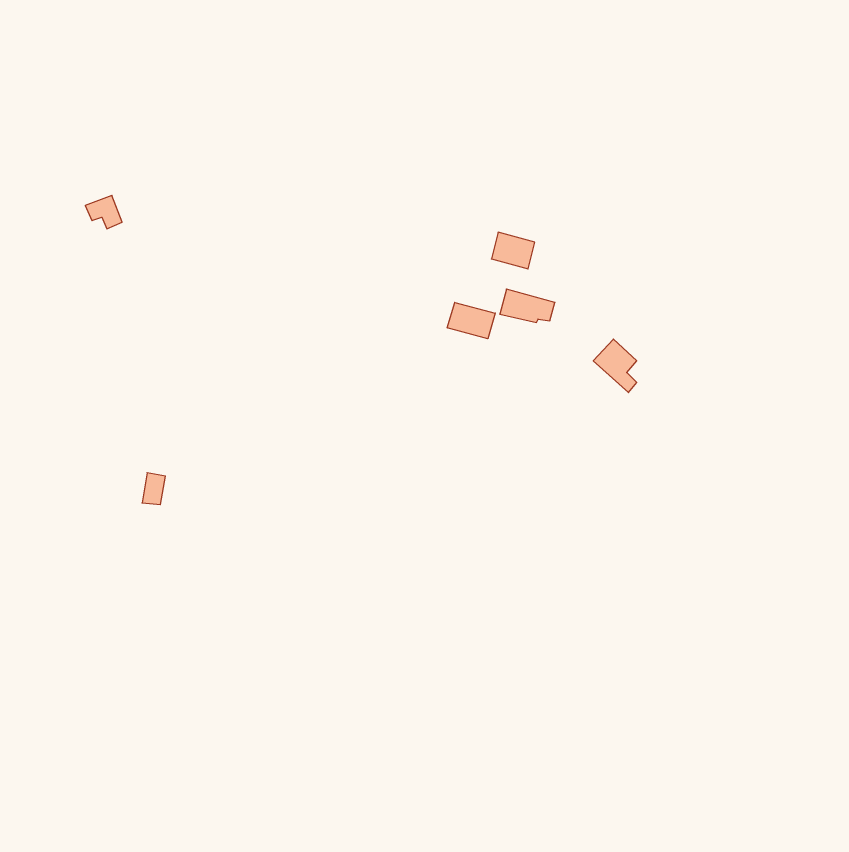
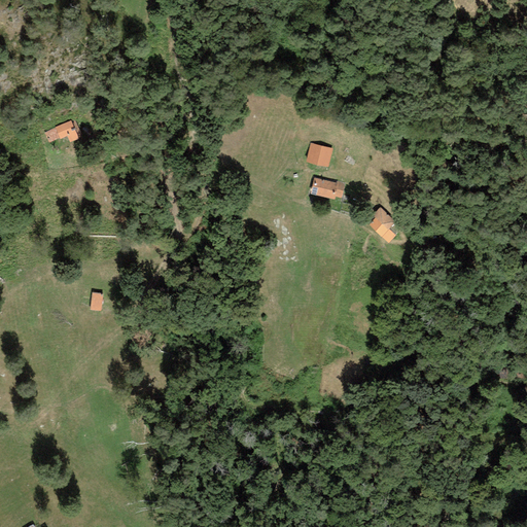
building: [447,302,495,339] -> none

